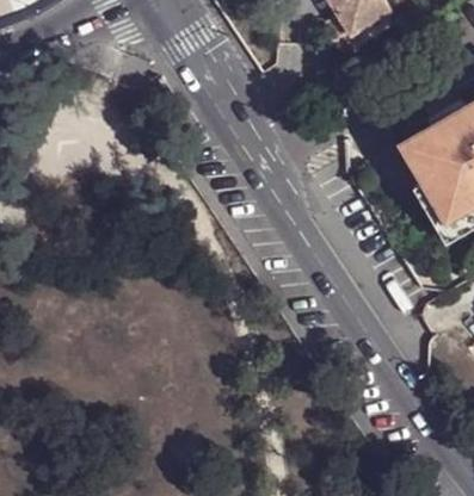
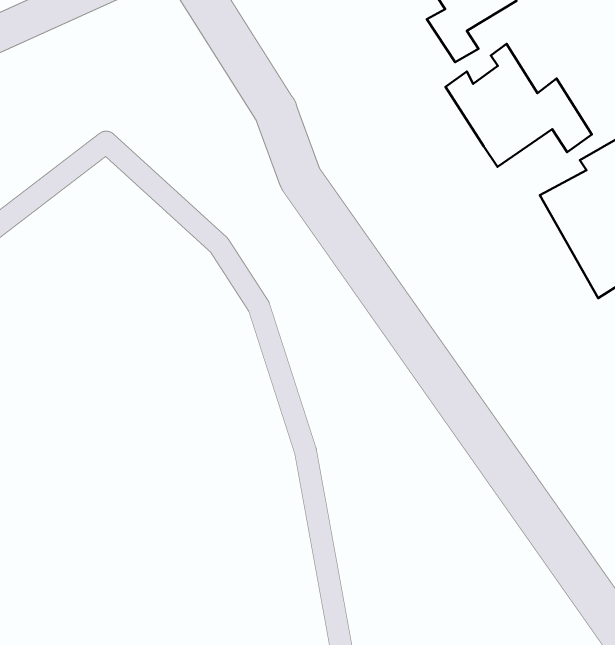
building: none -> [445,44,592,167]

